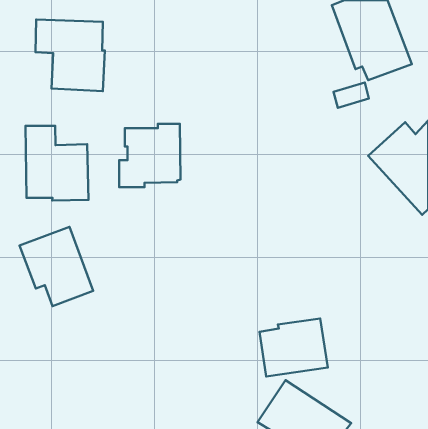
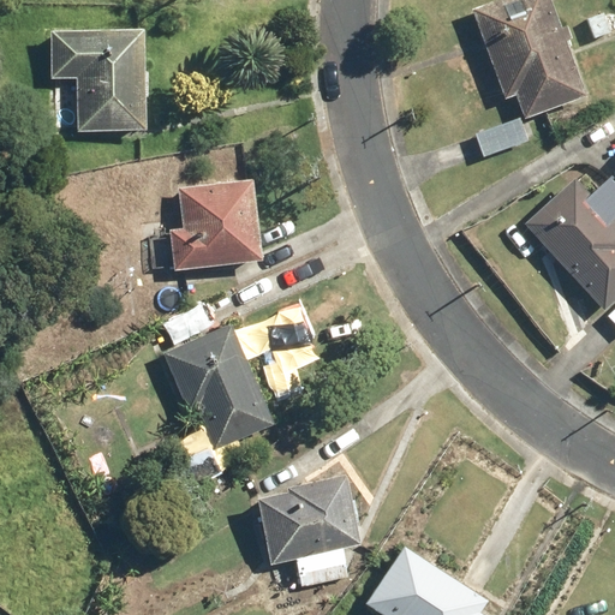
building: [26,126,89,200] -> none
building: [20,227,93,306] -> [163,327,268,440]
building: [259,318,328,377] -> [262,476,359,559]

